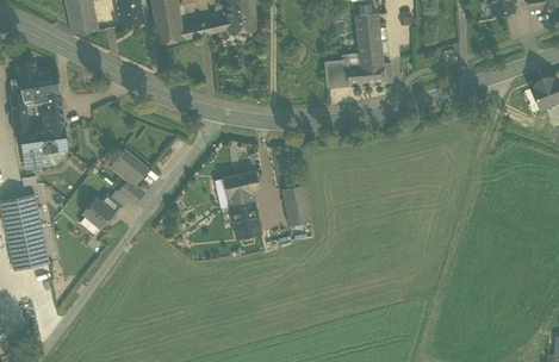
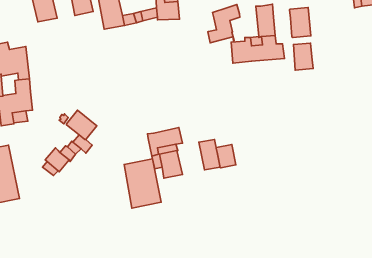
building: none -> [208,5,240,43]
building: none -> [290,7,311,38]
building: none -> [293,43,313,70]
building: none -> [216,144,236,168]
building: none -> [124,159,161,208]

